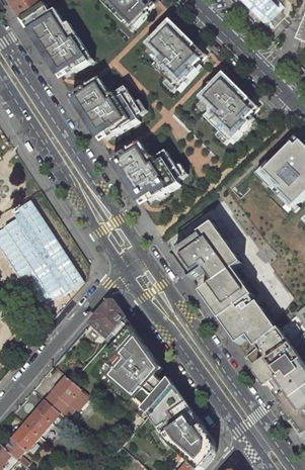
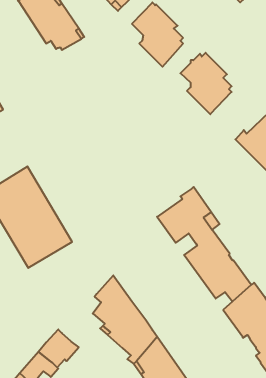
building: [74,79,141,137] -> none
building: [115,143,182,203] -> none
building: [87,299,124,337] -> none

